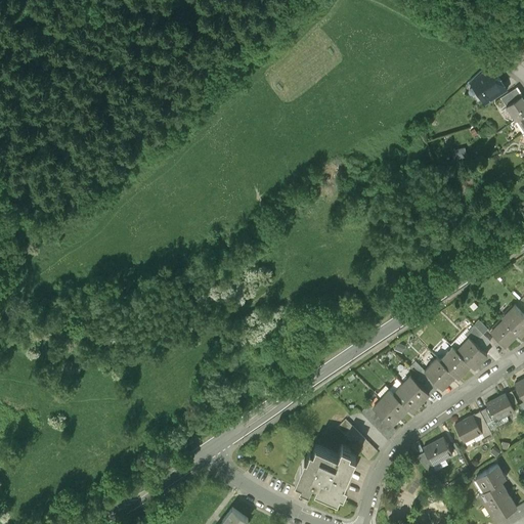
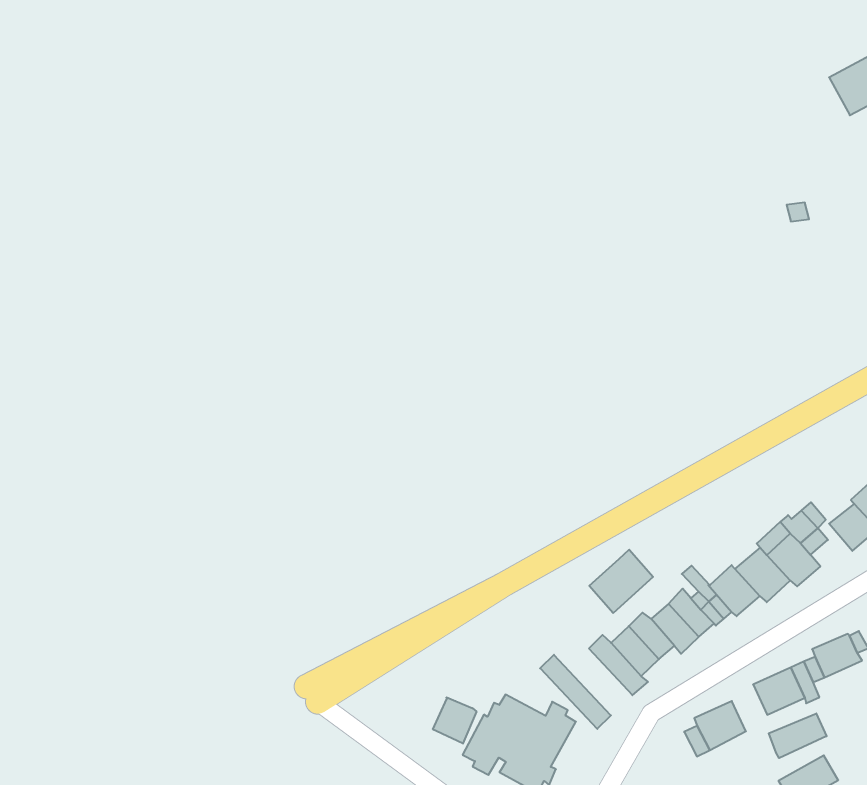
building: none -> [589,550,653,613]
building: none -> [769,713,827,758]
building: none -> [433,697,476,744]

